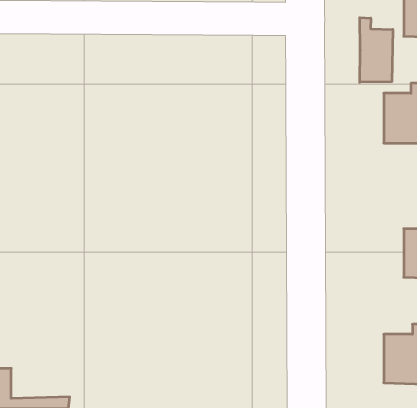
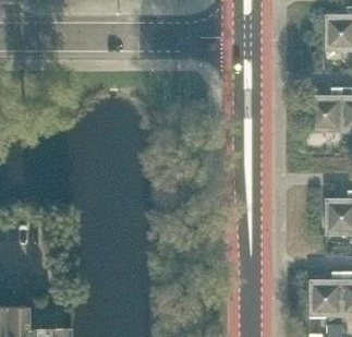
building: [360,18,393,82] -> none

